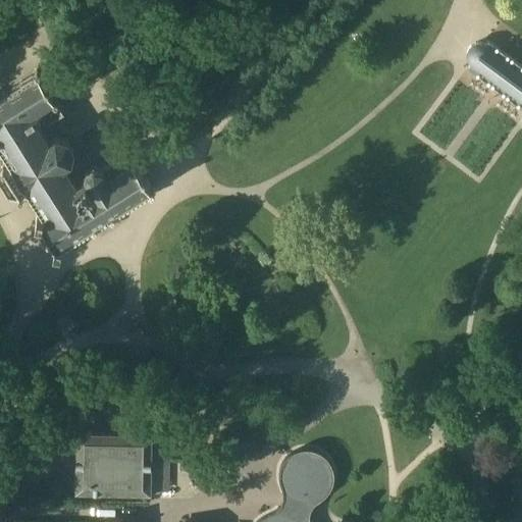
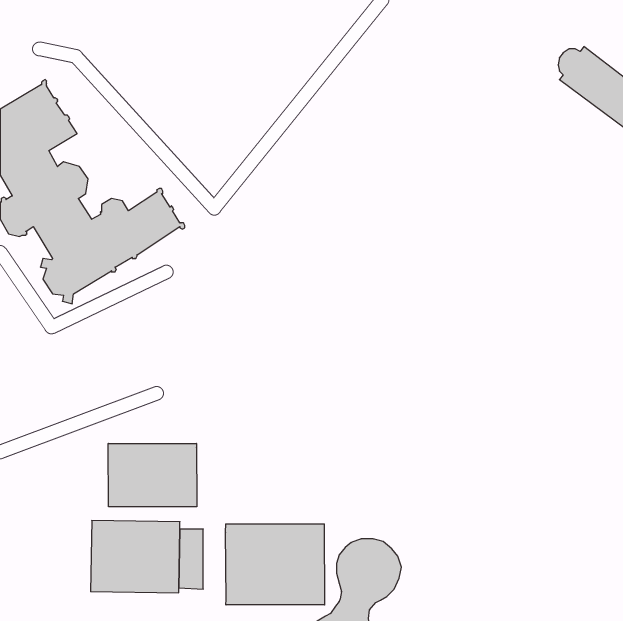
building: none -> [108,443,197,507]
building: none -> [226,524,325,605]

